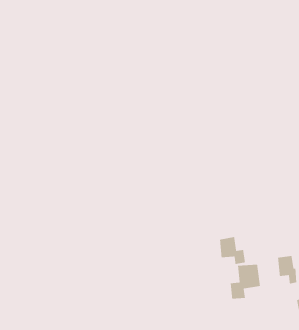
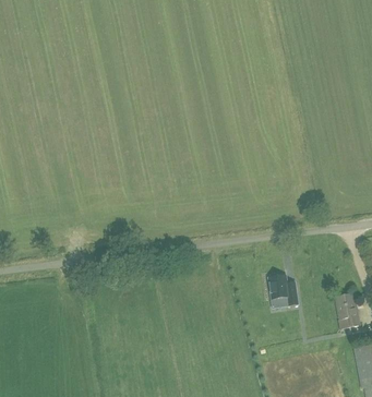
building: [230,264,261,300] -> none

